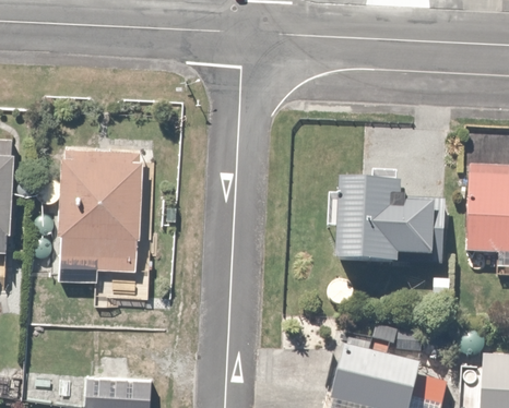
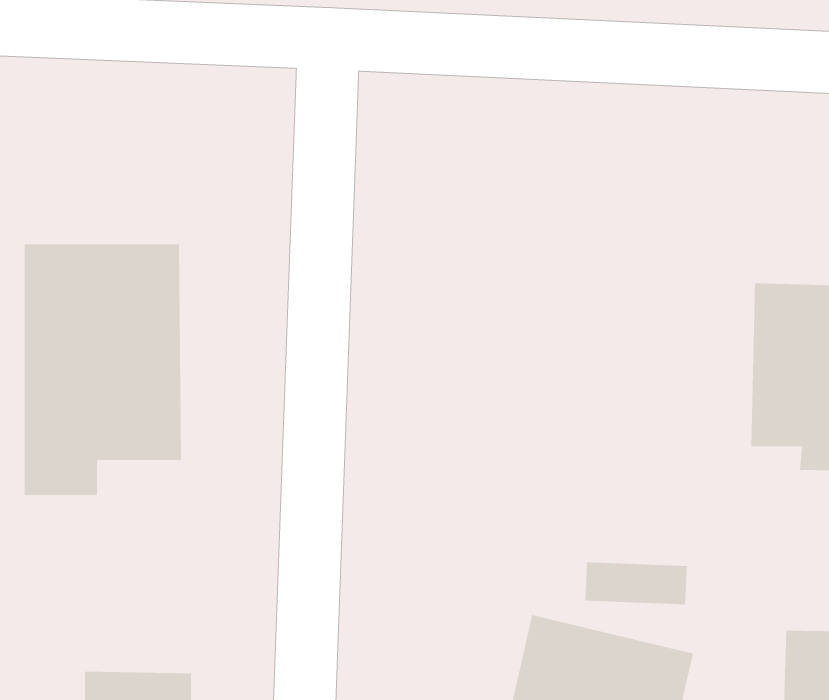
building: [345,187,443,264] -> none

